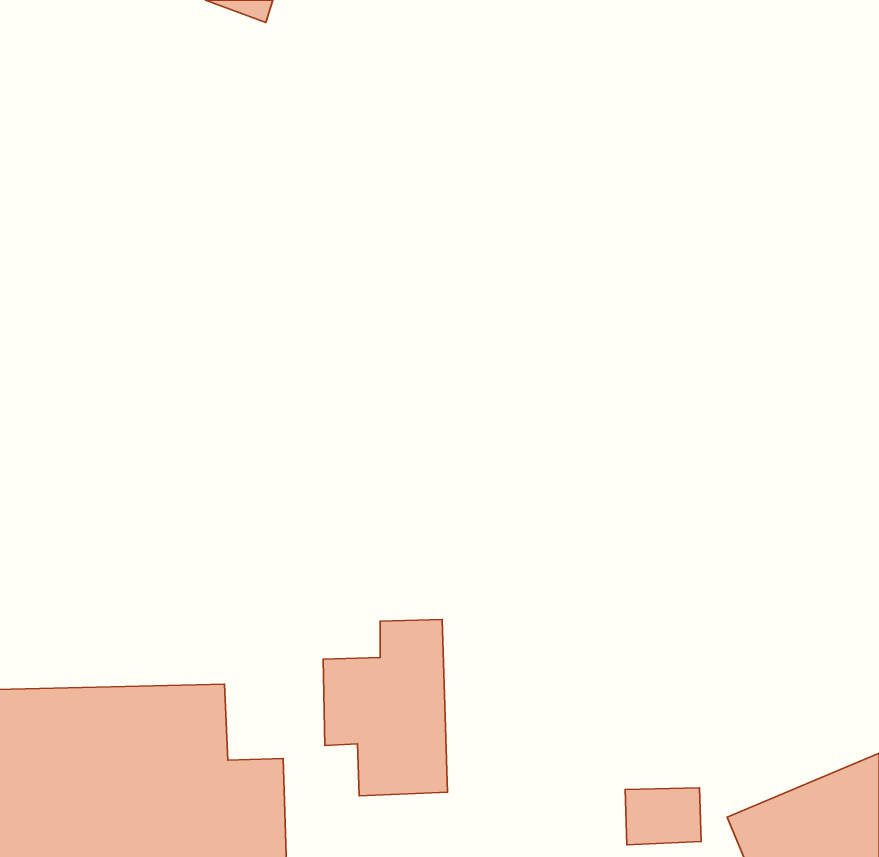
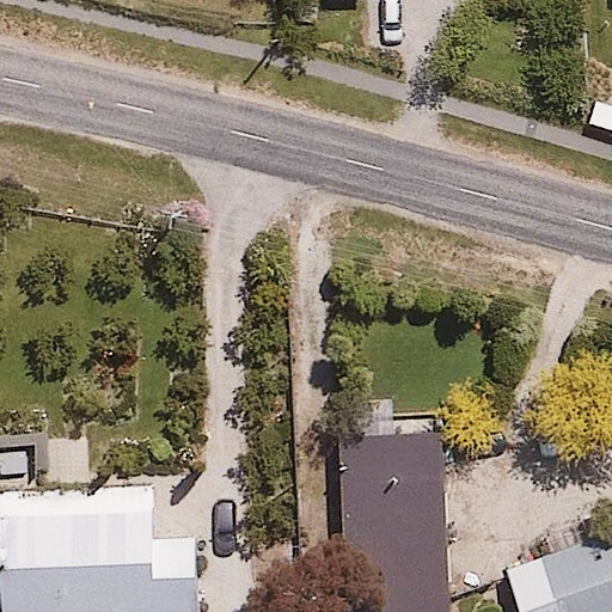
building: [323,619,447,796] -> [342,439,428,561]

